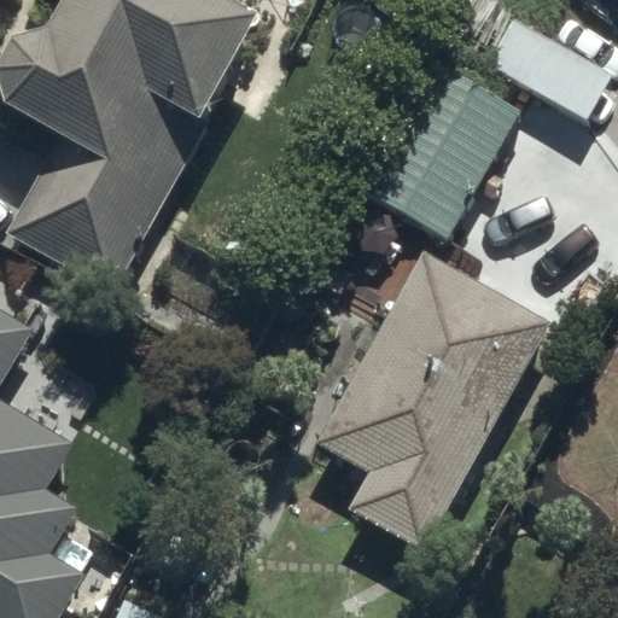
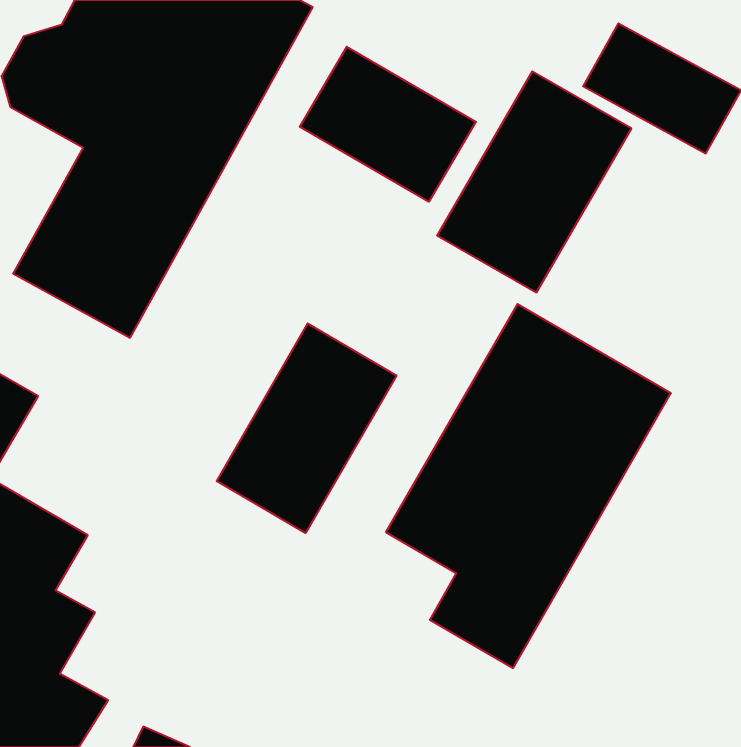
building: none -> [300,47,476,202]
building: none -> [217,323,396,533]

